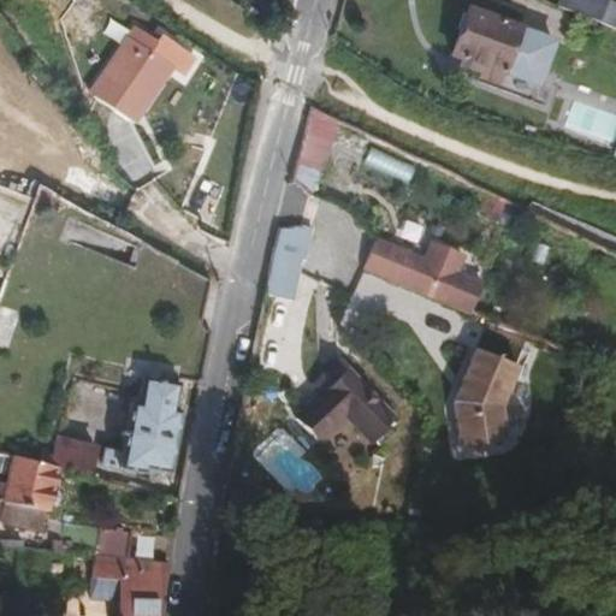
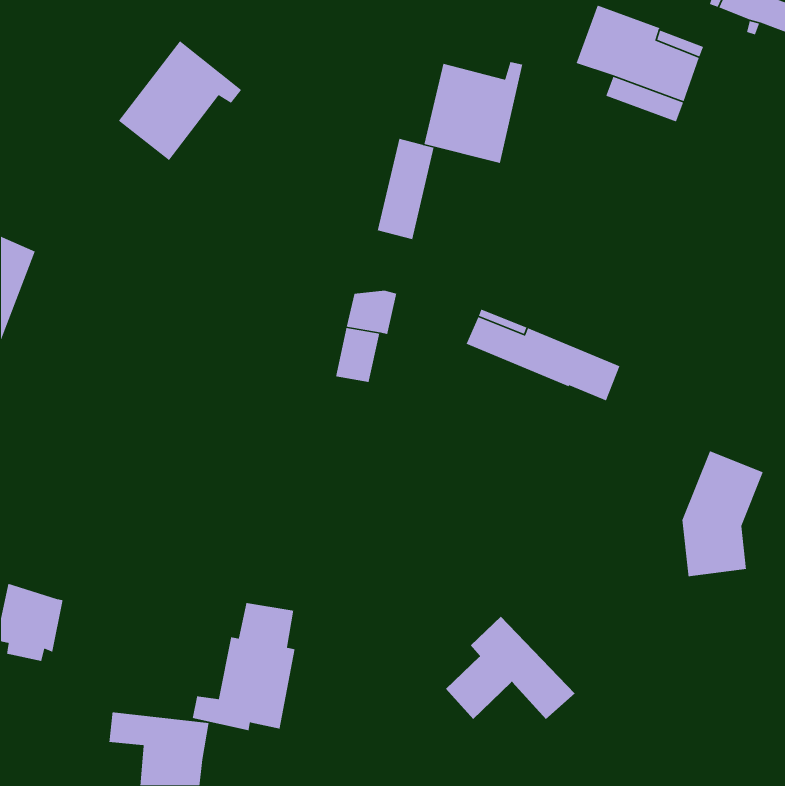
building: none -> [424,61,523,164]
building: [457,350,521,449] -> [682,450,764,577]
building: [298,363,399,444] -> [445,616,575,720]
building: [100,372,180,472] -> [192,602,296,731]
building: [51,434,96,475] -> none

